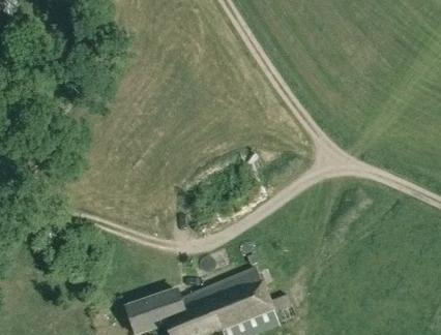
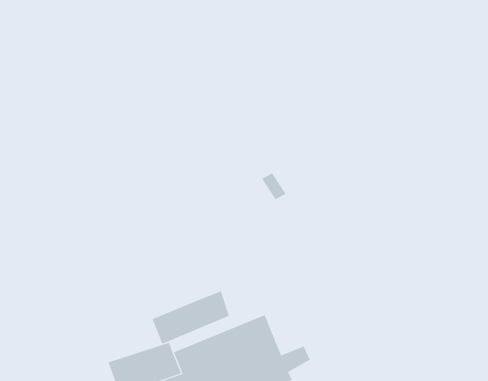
building: none -> [152,290,230,344]

